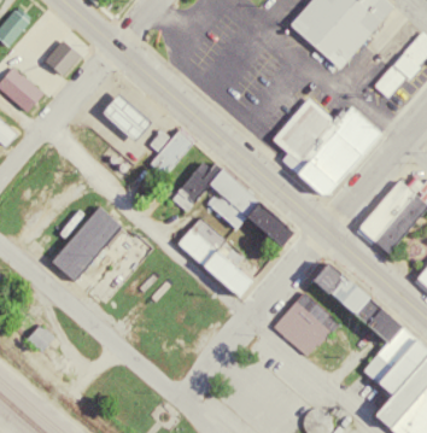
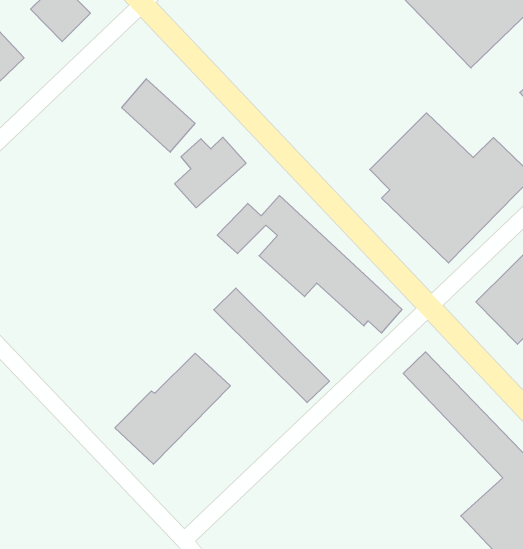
building: [52,210,125,286] -> [115,353,230,464]
building: [270,287,335,353] -> none

